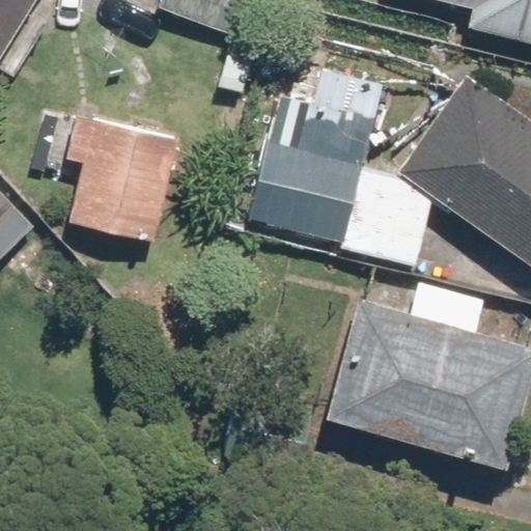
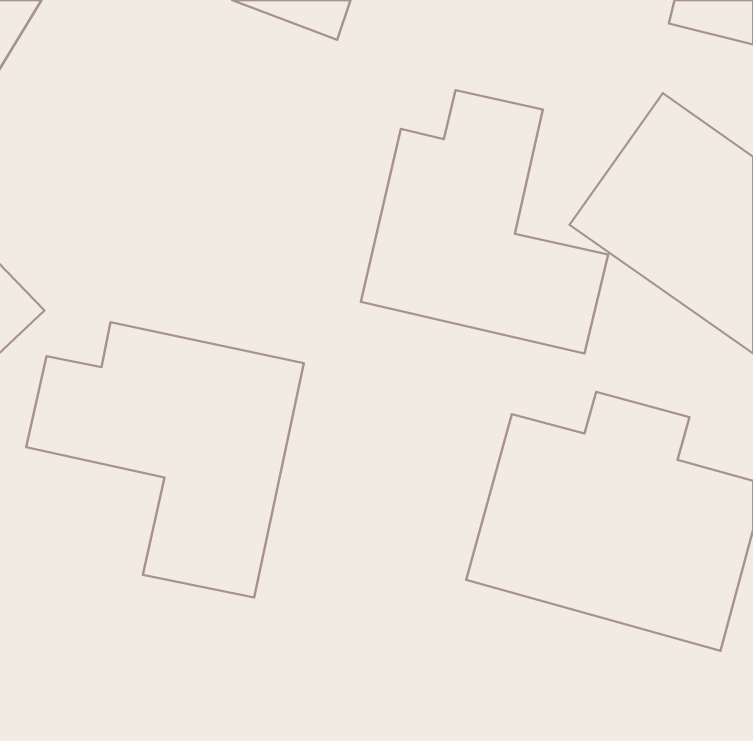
building: [71,119,177,242] -> none
building: none -> [26,322,304,598]

